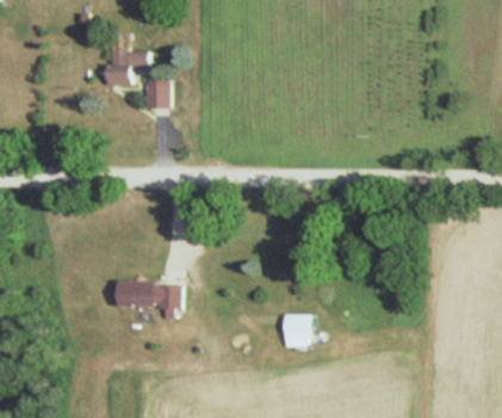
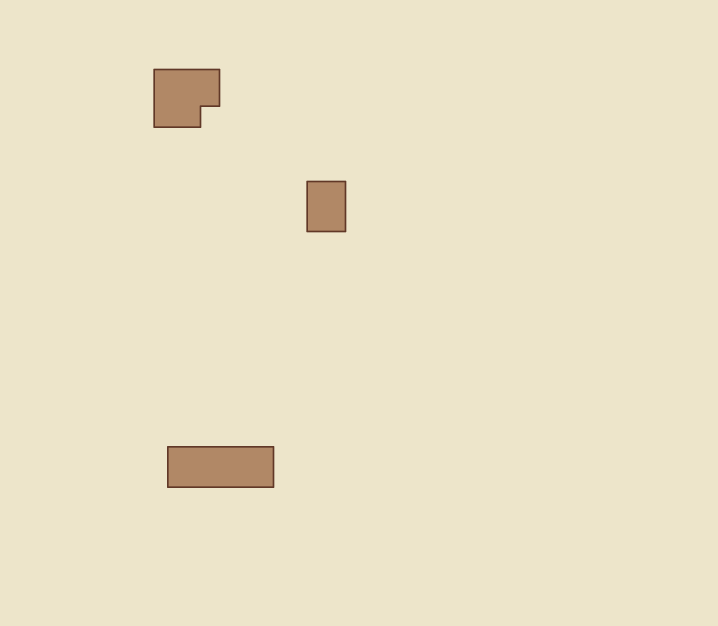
building: [144,78,168,109] -> [307,182,346,232]
building: [286,314,312,348] -> none

